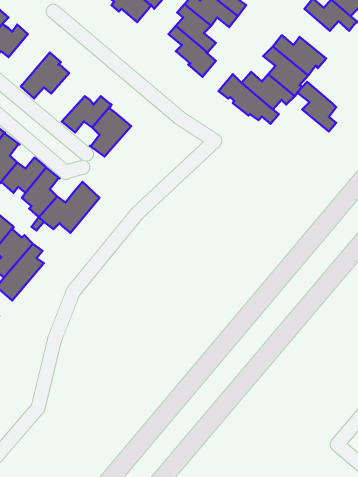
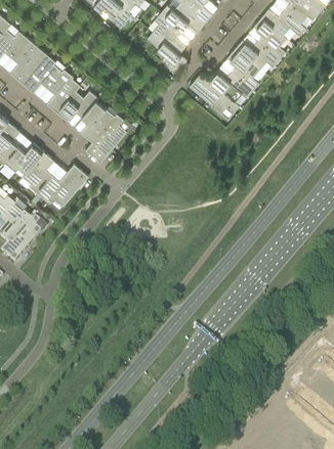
building: none -> [9,38,45,82]
building: none -> [45,69,79,111]
building: [297,82,336,131] -> [252,16,285,58]
building: none -> [84,113,130,162]

